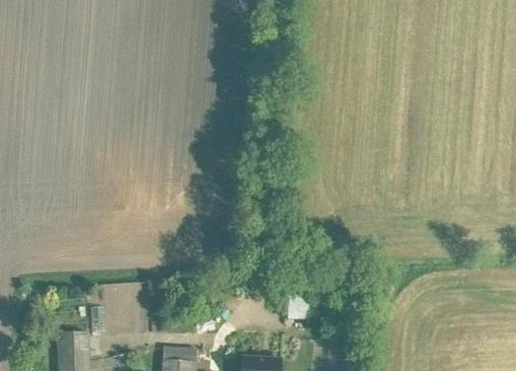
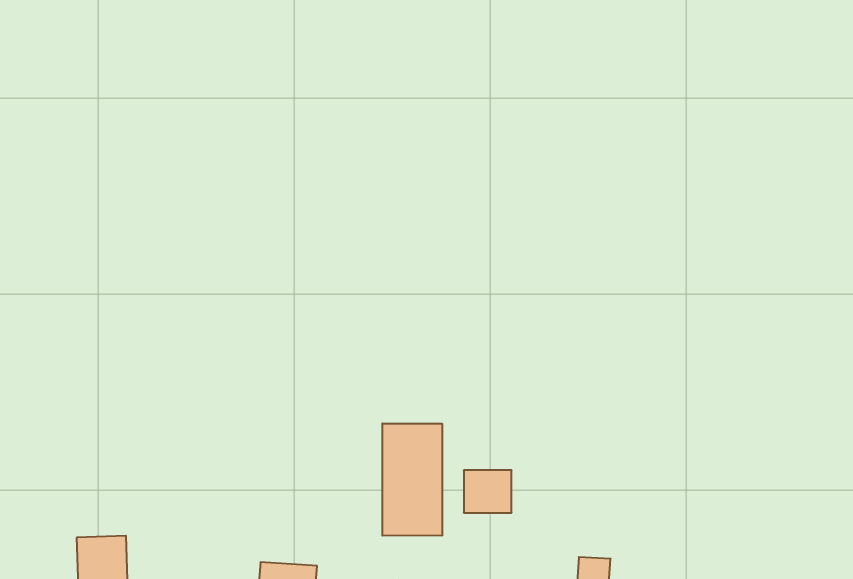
building: none -> [382,423,442,536]

